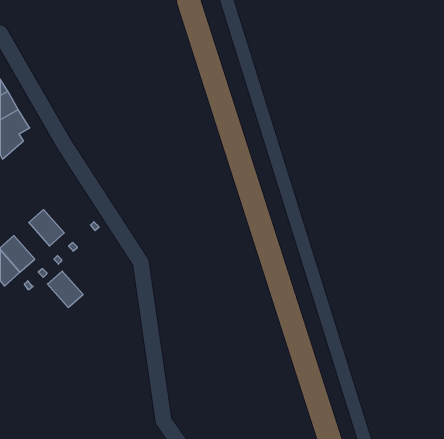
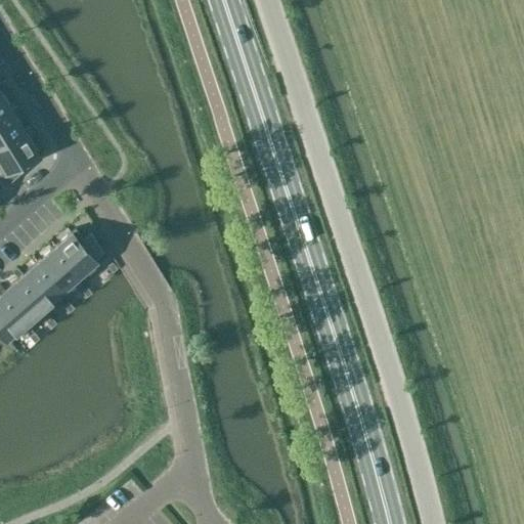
building: none -> [51,237,102,280]
building: [47,271,83,308] -> [16,268,58,311]

